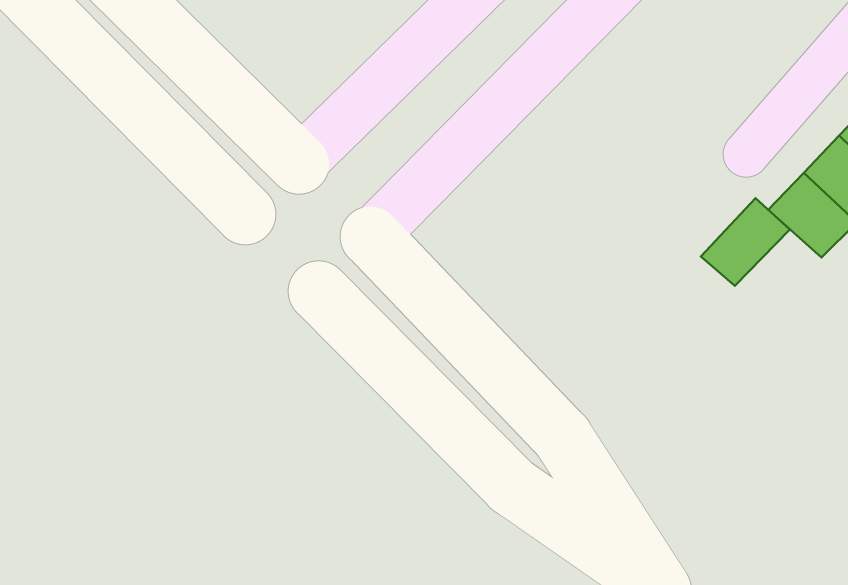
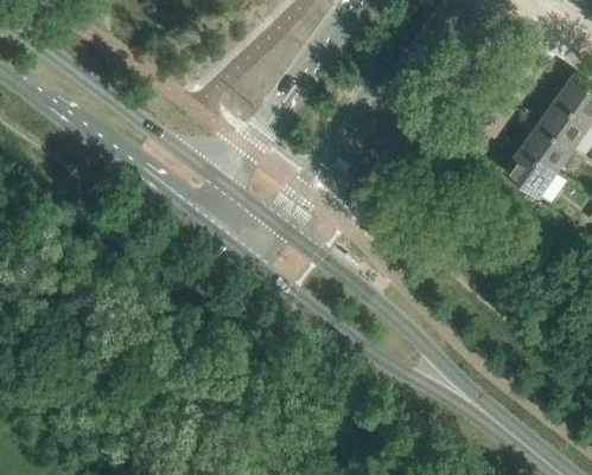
building: [701,198,790,286] -> none

